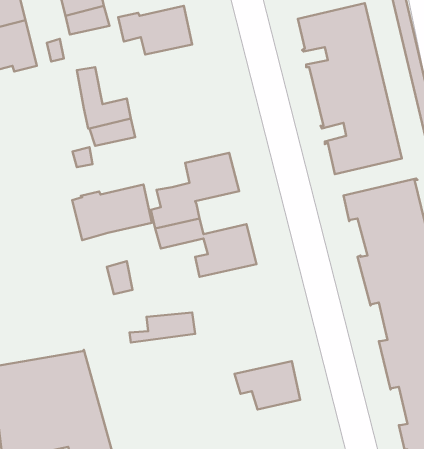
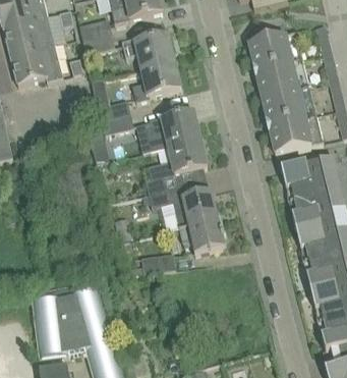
building: none -> [131,61,180,102]
building: [72,184,152,240] -> [142,111,199,151]
building: [235,361,300,410] -> [178,218,225,253]

